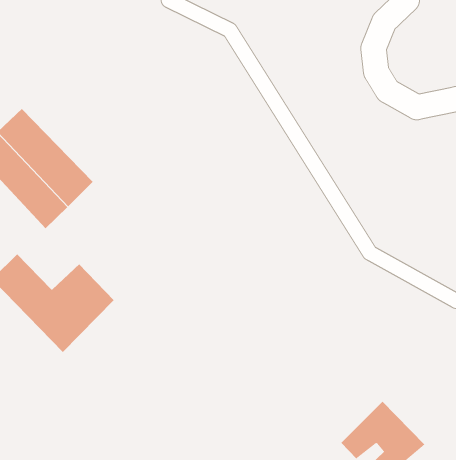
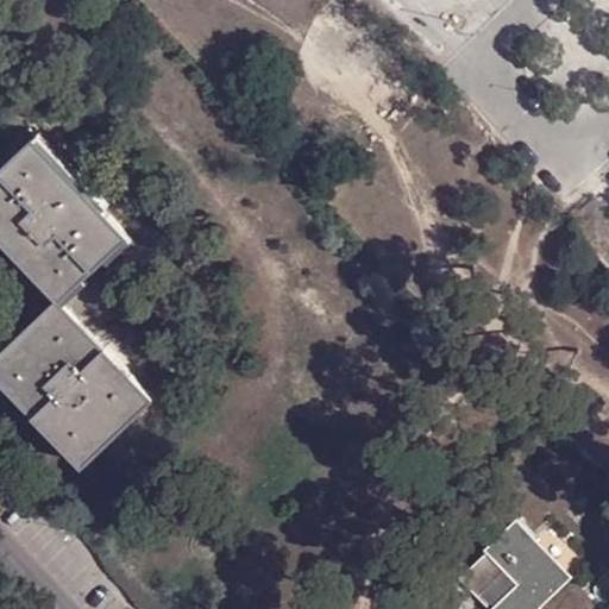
building: none -> [23,306,103,384]

